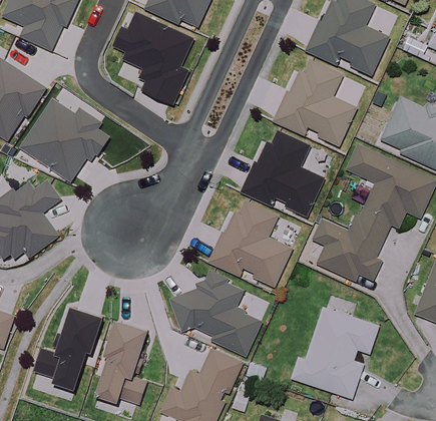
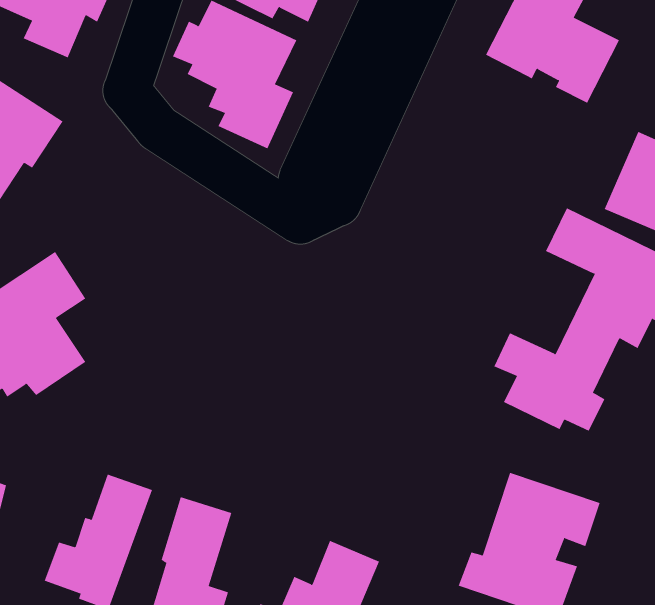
building: [274,58,355,145] -> none
building: [19,99,110,181] -> none
building: [244,130,323,218] -> none
building: [210,200,294,289] -> none
building: [171,272,262,358] -> none

